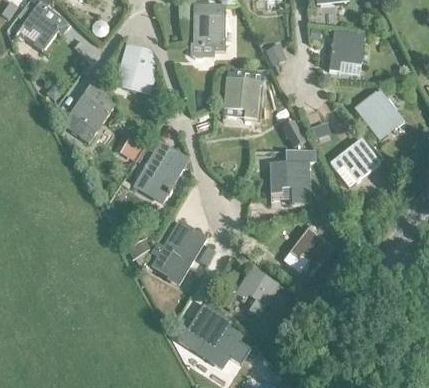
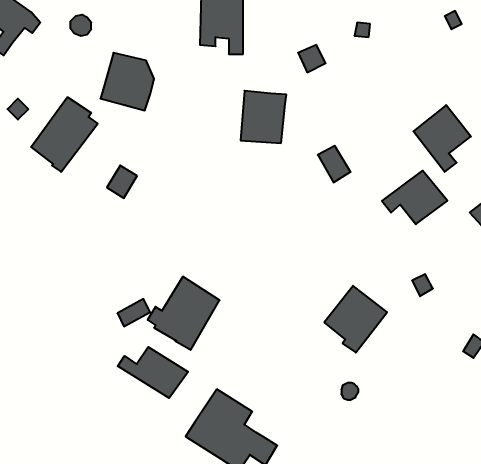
building: [328,31,364,71] -> none
building: [139,142,188,201] -> none
building: [270,151,316,206] -> none
building: [236,268,276,315] -> none
building: none -> [118,347,188,398]

